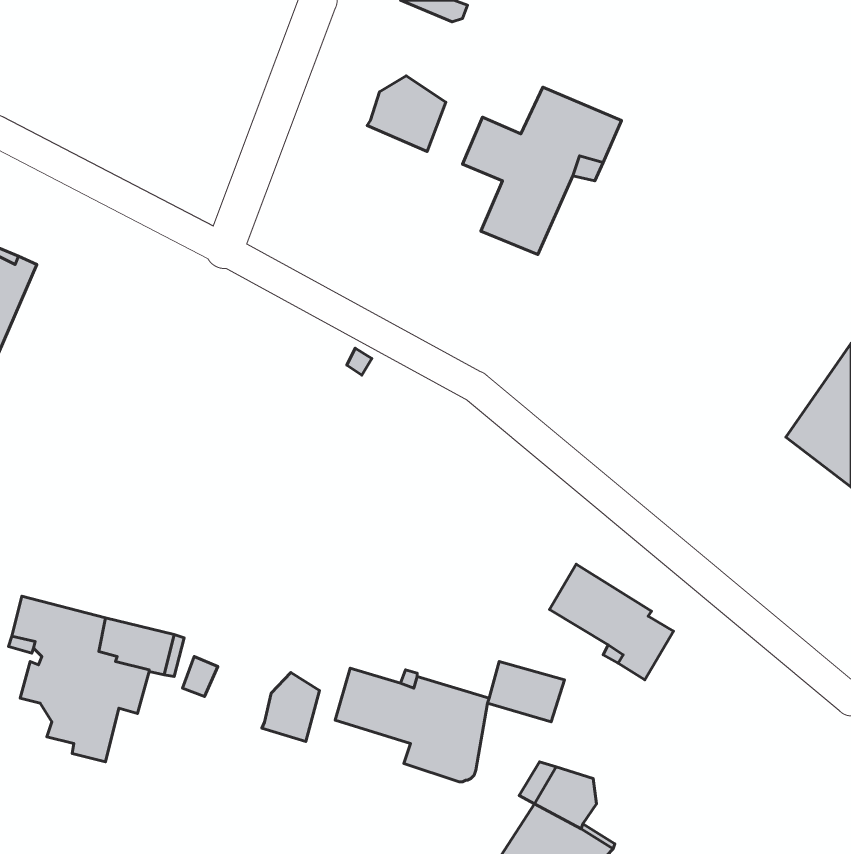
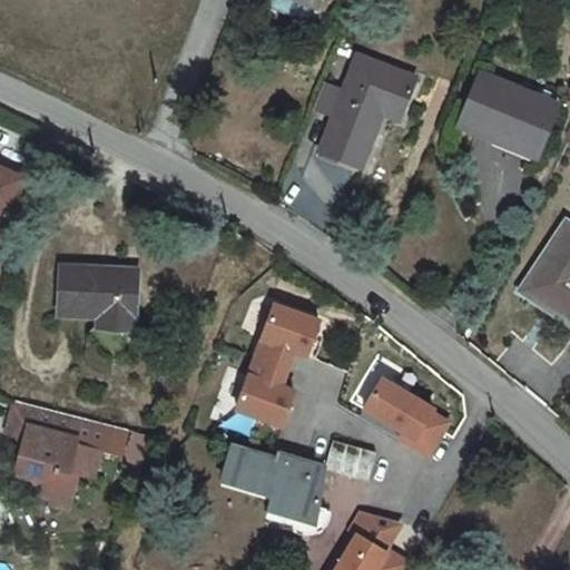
building: [367,76,446,151] -> none
building: none -> [459,79,553,154]
building: none -> [60,265,138,326]
building: none -> [237,305,320,425]
building: [262,673,320,741] -> none

